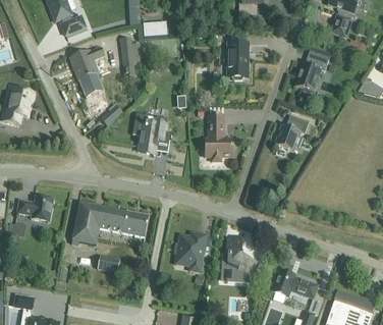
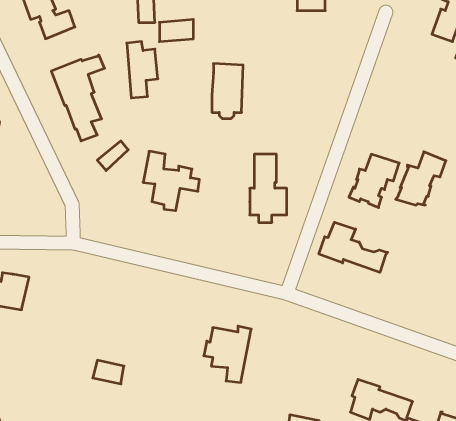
building: [226,42,248,79] -> [212,64,243,118]
building: [293,53,328,90] -> [396,152,446,205]
building: none -> [319,222,388,272]
building: [70,202,148,245] -> none
building: [223,235,257,273] -> none

